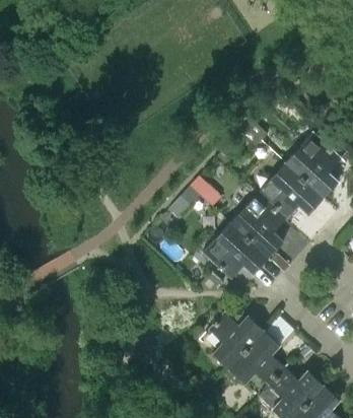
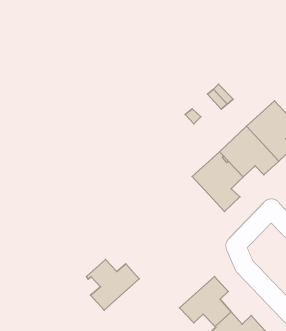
building: [185,173,223,204] -> none
building: [210,223,269,280] -> none
building: [206,312,264,368] -> [87,259,139,310]

